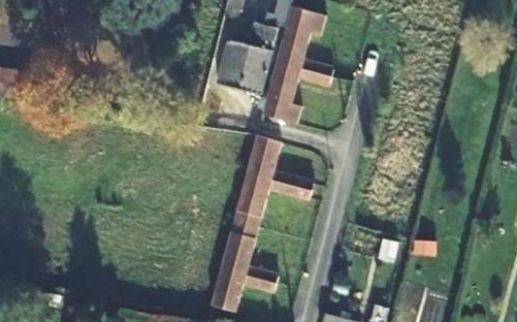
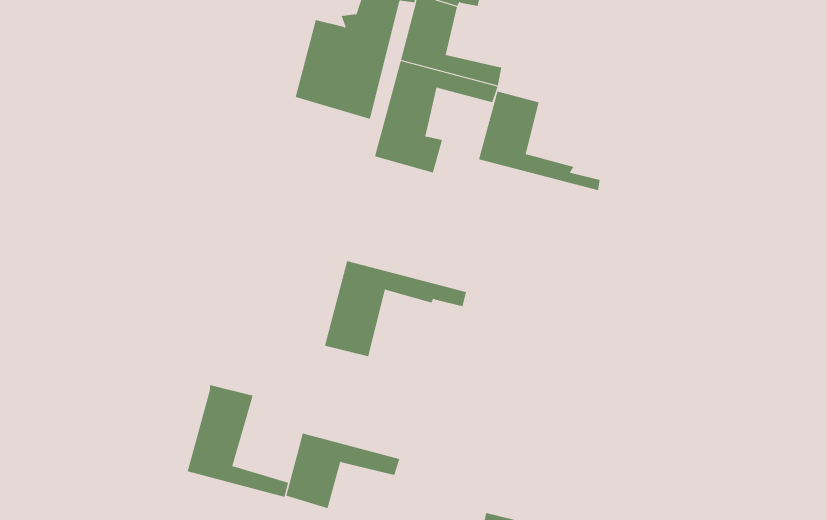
building: [246,134,314,190] -> [478,91,601,191]
building: [221,220,278,283] -> [187,384,289,497]

